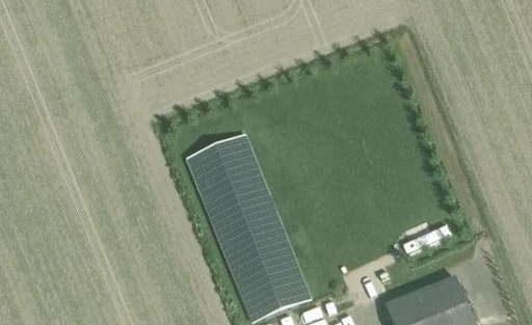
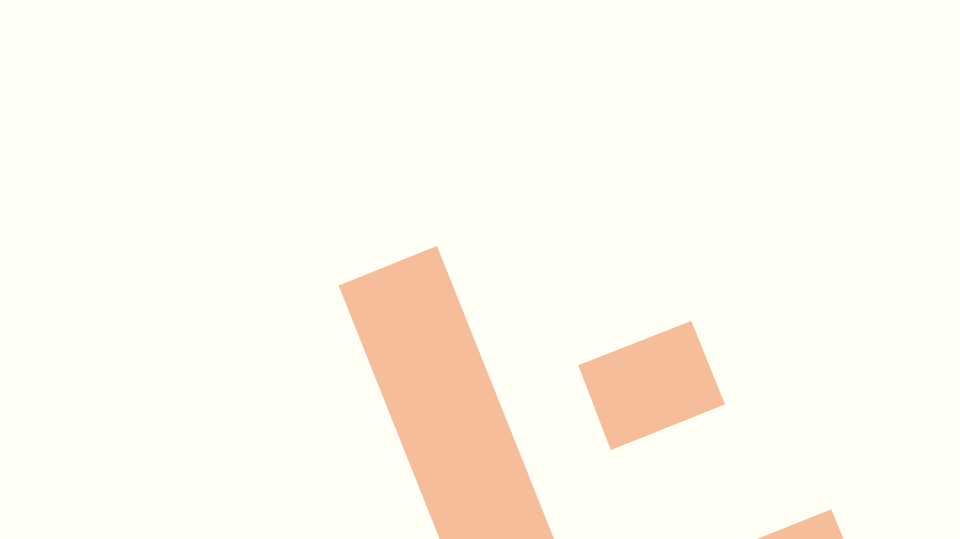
building: none -> [577,320,726,451]

